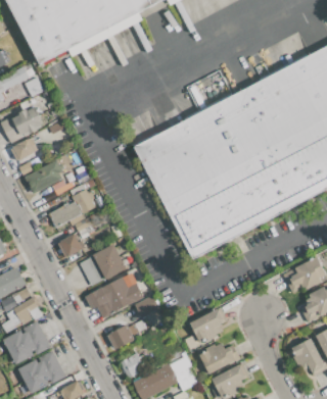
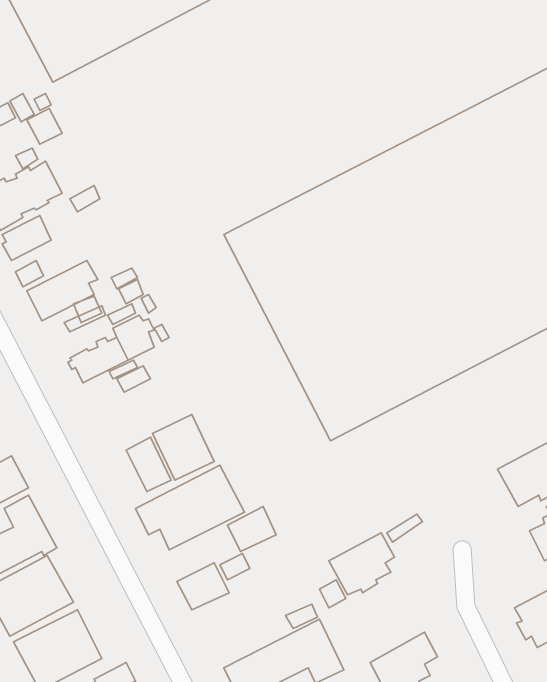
building: [58,234,87,257] -> none
building: [199,343,240,373] -> none
building: [120,352,146,379] -> none

